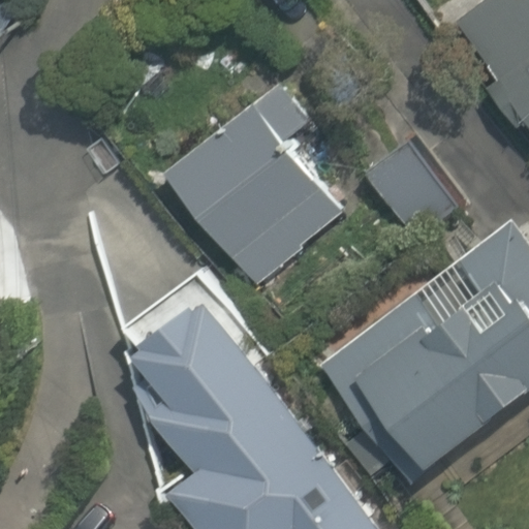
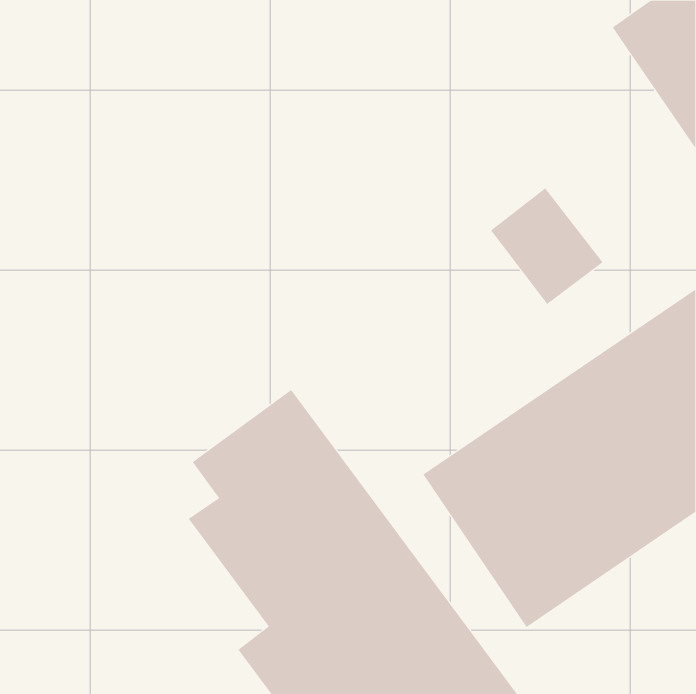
building: [168,106,337,279] -> none

